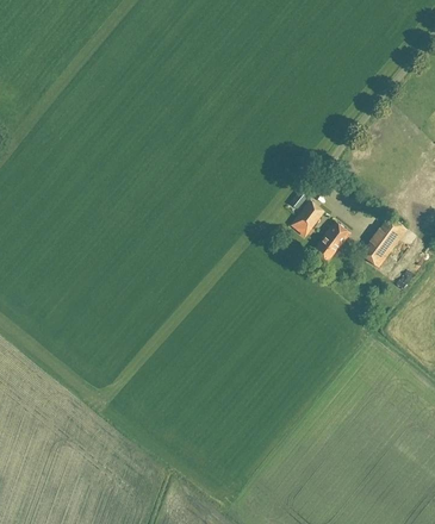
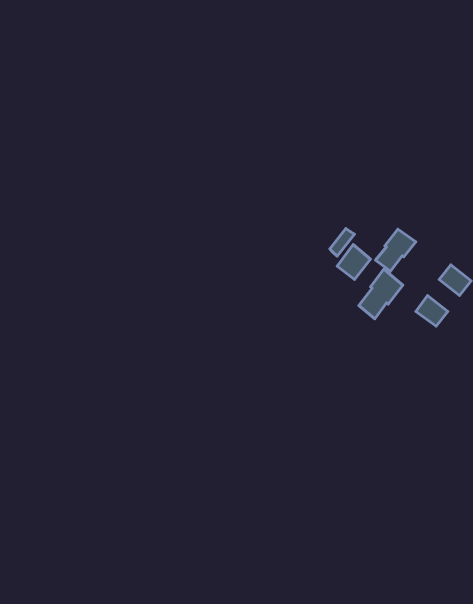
building: none -> [375,229,416,271]

